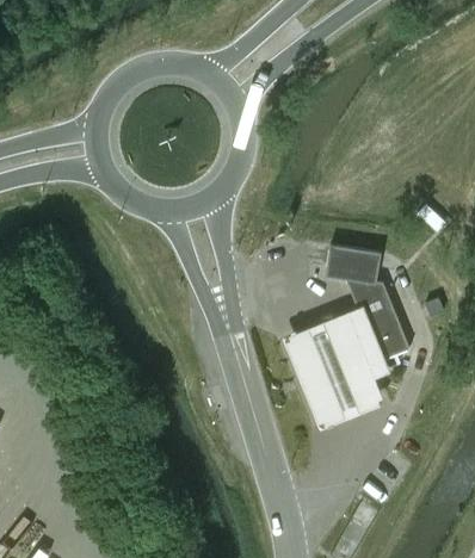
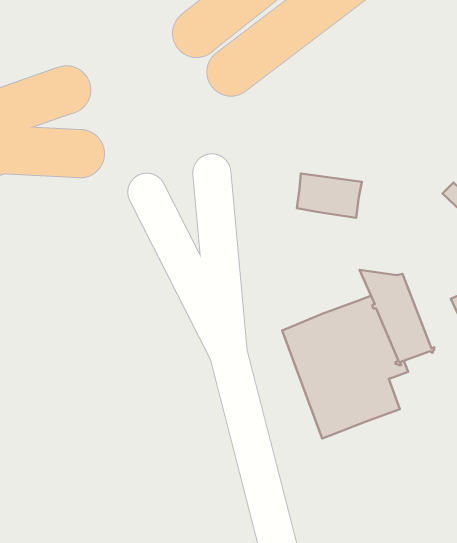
building: [329,252,385,290] -> [297,173,362,218]

